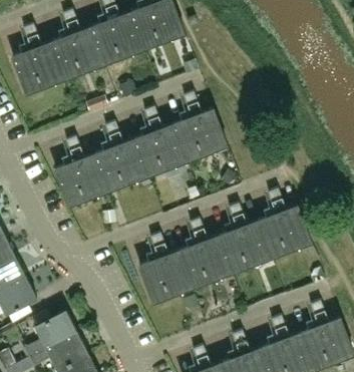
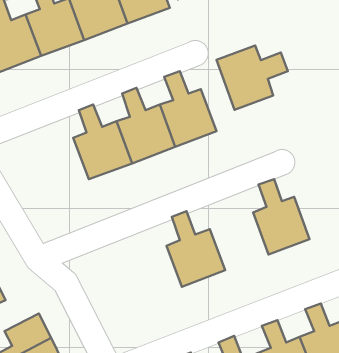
building: none -> [216,46,288,110]
building: [54,137,110,206] -> none
building: [220,204,273,272] -> none
building: [138,234,195,303] -> none

